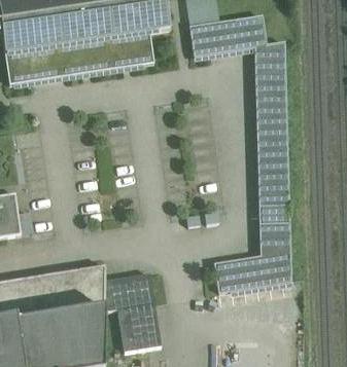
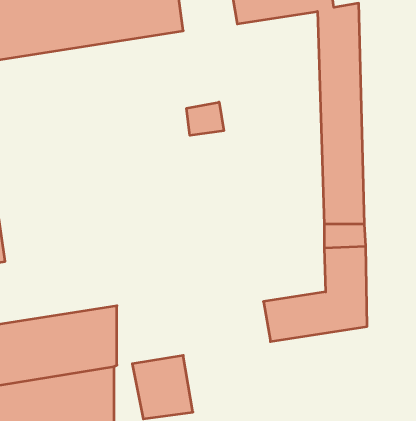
building: none -> [187,102,224,135]
building: [105,265,154,309] -> none

